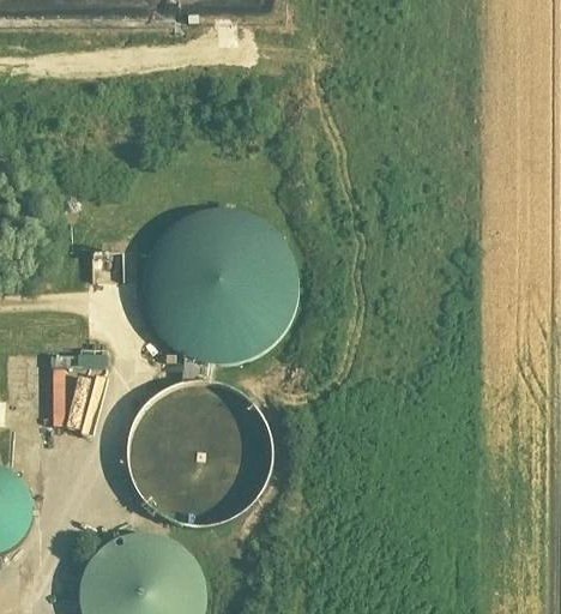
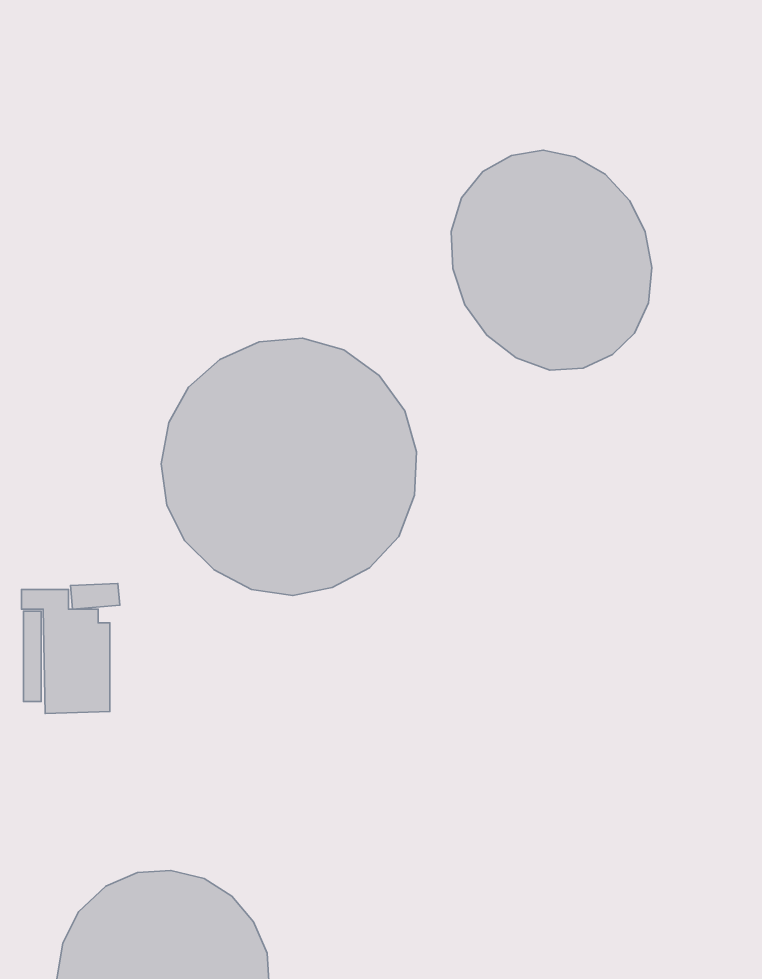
building: none -> [451,150,652,370]
building: [123,380,271,528] -> none

